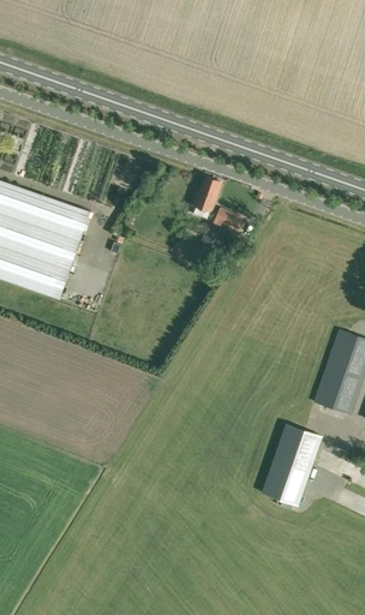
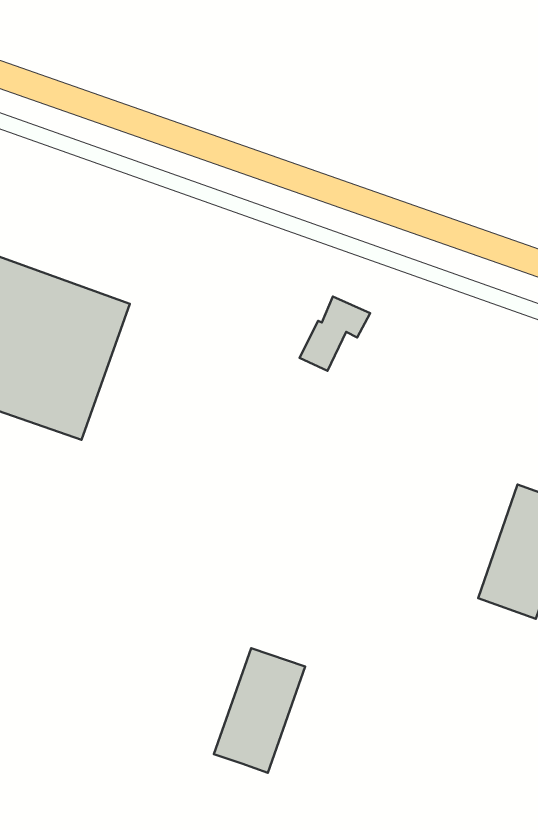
building: [191,175,220,211] -> none
building: [262,424,321,504] -> [214,648,305,773]

